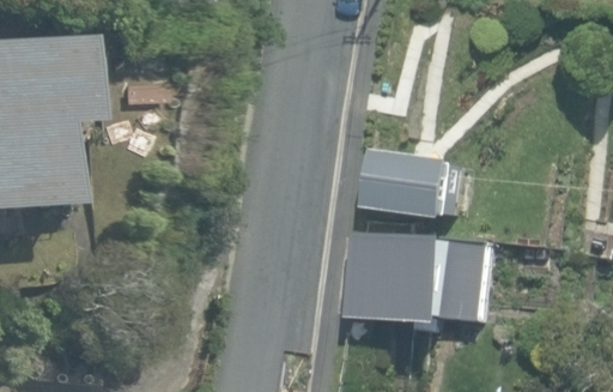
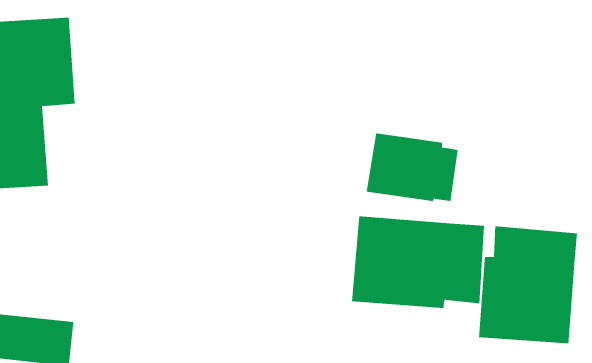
building: none -> [479,225,577,344]

